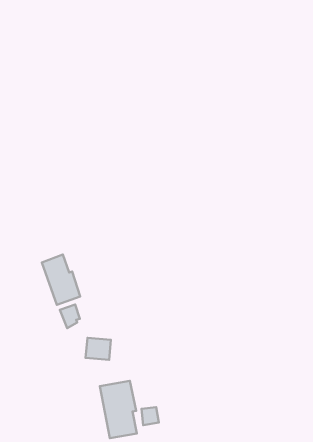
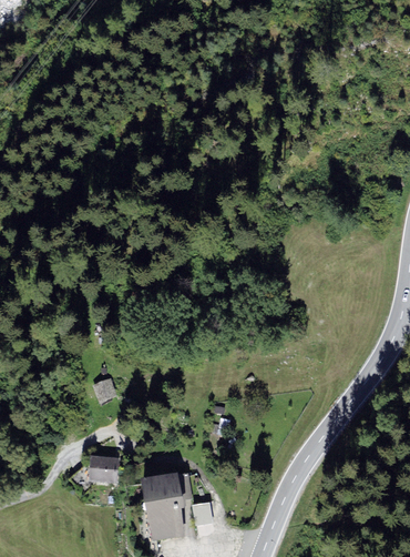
building: [42,254,80,305] -> none
building: [86,338,111,360] -> [88,455,119,482]

